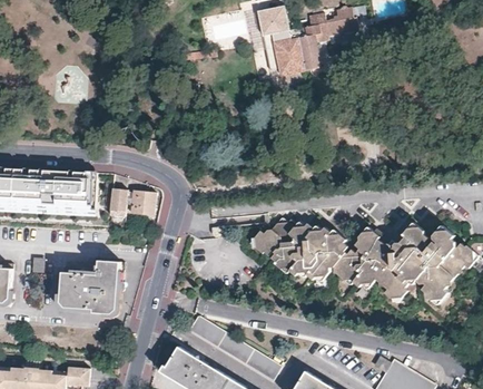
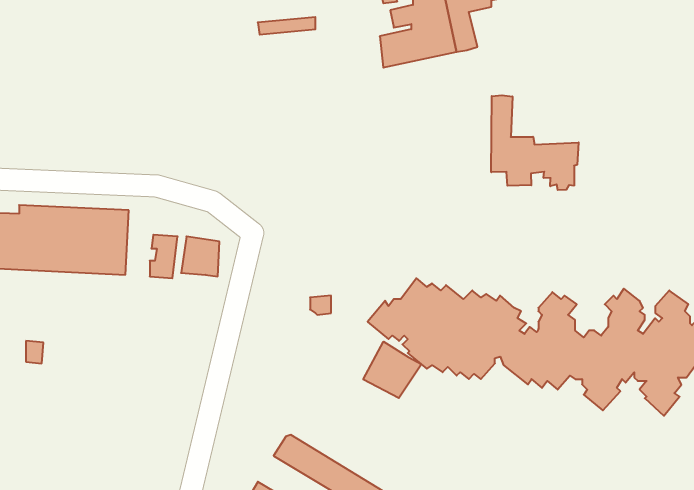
building: none -> [491,95,579,190]
building: [59,256,122,311] -> none
building: none -> [363,342,421,398]

